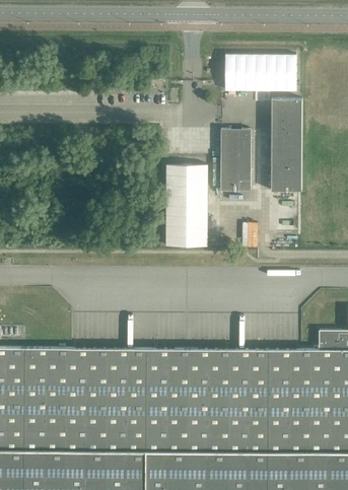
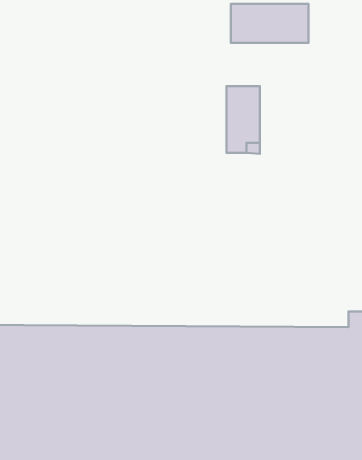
building: [272,99,302,192] -> none
building: [166,165,208,248] -> none

